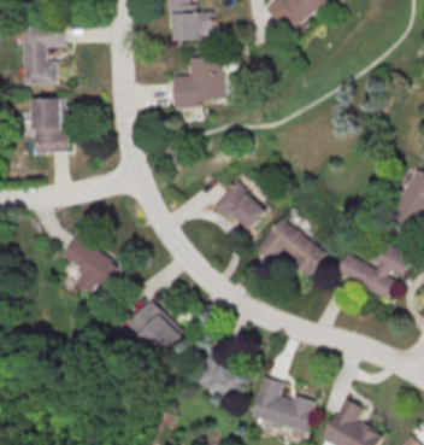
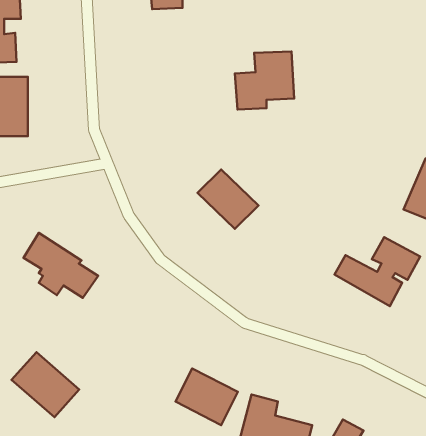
building: [171,57,223,107] -> [235,52,294,110]
building: [251,217,320,276] -> none
building: [126,299,186,356] -> [12,352,79,417]

